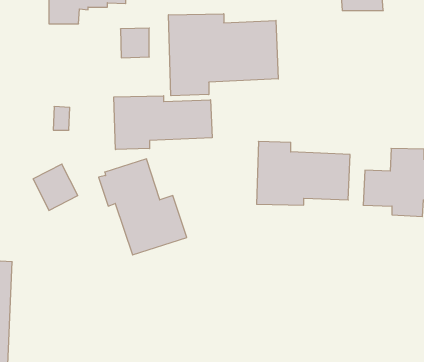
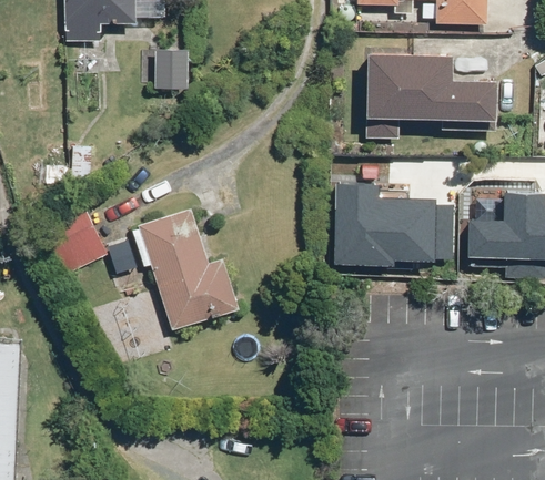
building: [169,14,278,96] -> none
building: none -> [362,57,494,121]
building: [114,96,212,150] -> none

